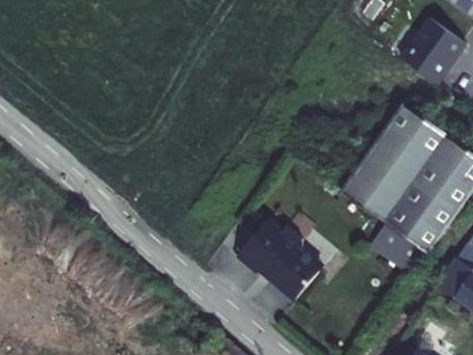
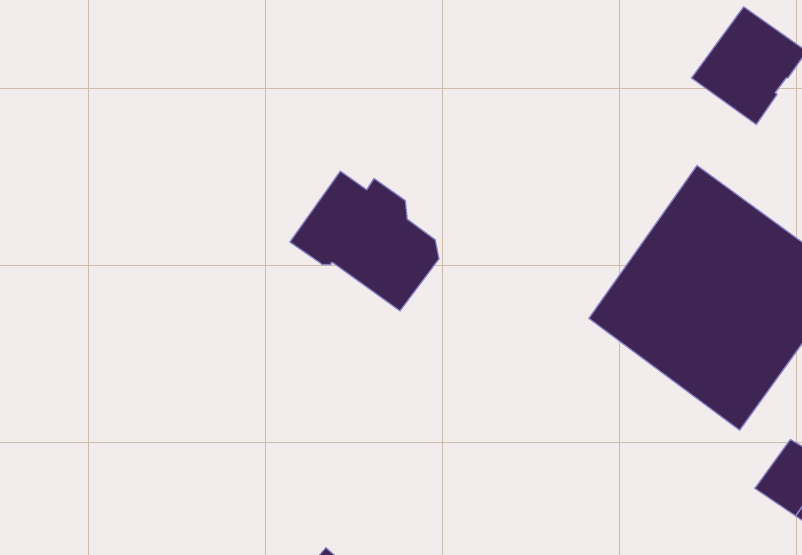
building: [239,215,322,293] -> [290,171,439,311]
building: [371,223,428,275] -> none

